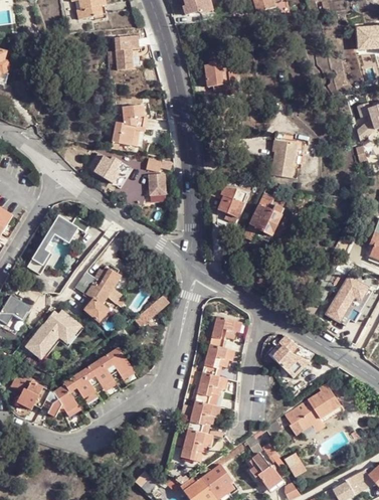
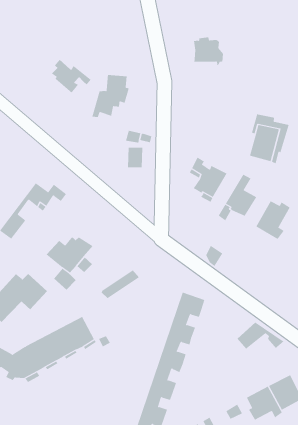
building: [109,35,143,69] -> none
building: [90,150,131,183] -> [51,59,91,94]
building: none -> [255,201,291,240]

